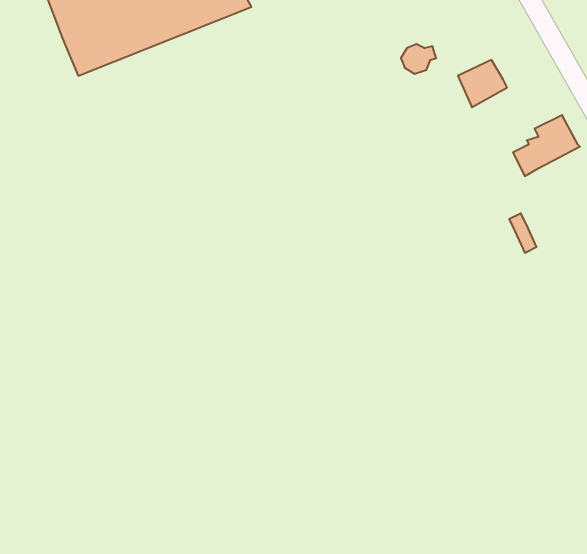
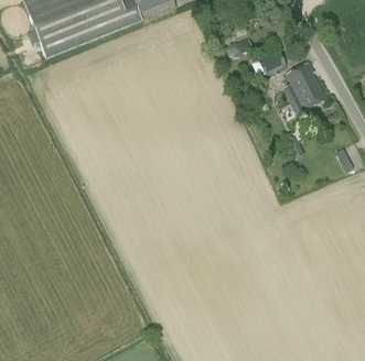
building: none -> [283,61,318,100]

